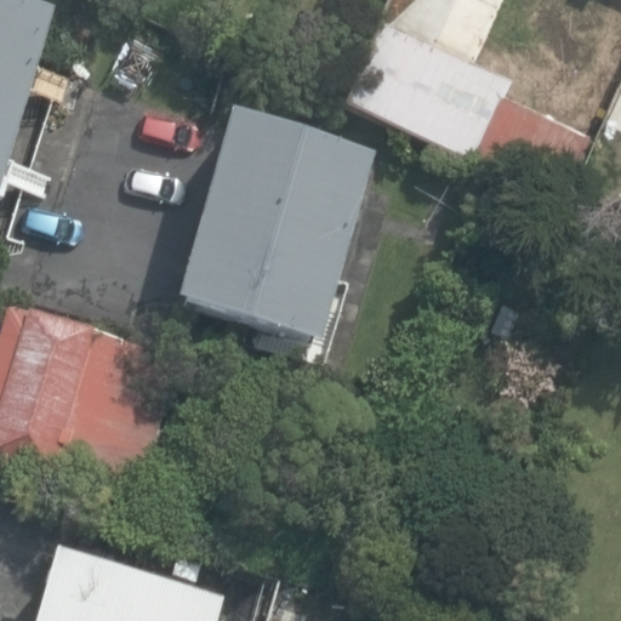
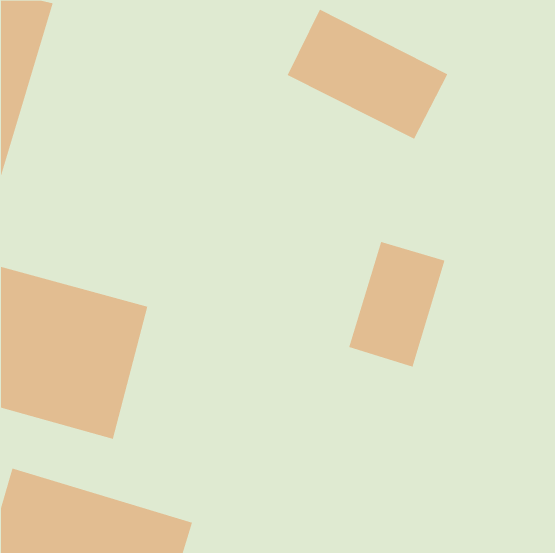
building: [177,104,377,340] -> none
building: none -> [349,241,445,368]

